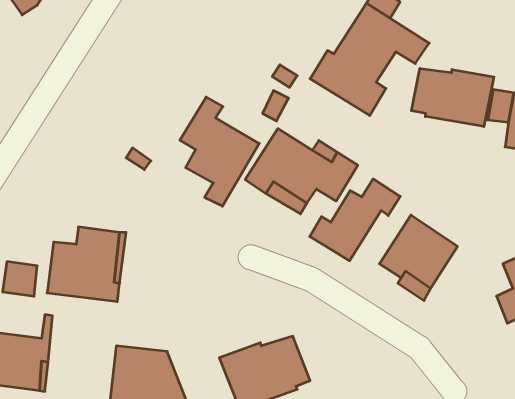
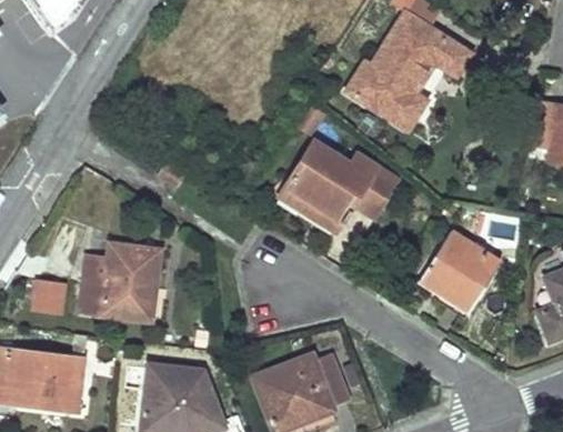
building: [411,68,494,127] -> none
building: [180,97,259,206] -> none
building: [310,179,400,261] -> none

